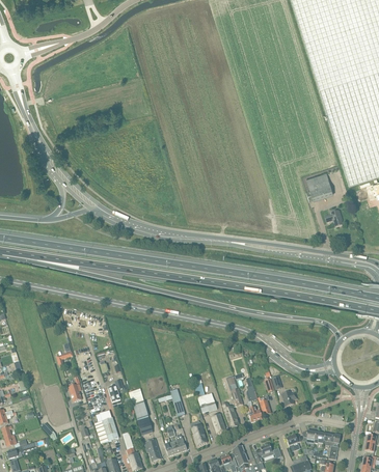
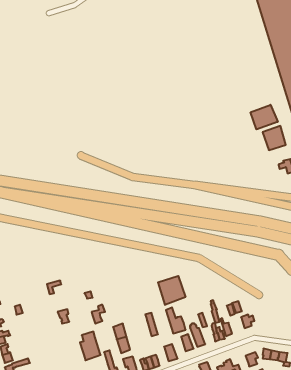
building: none -> [251,105,278,129]
building: none -> [158,276,185,305]

